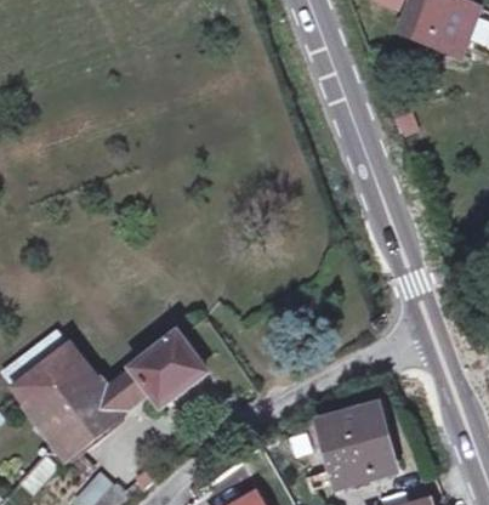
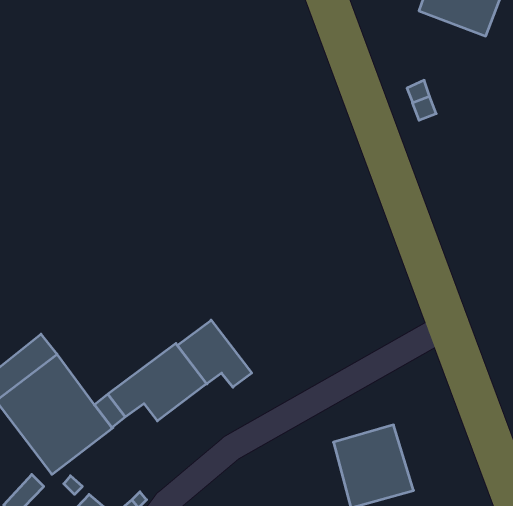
building: none -> [178,320,252,387]

